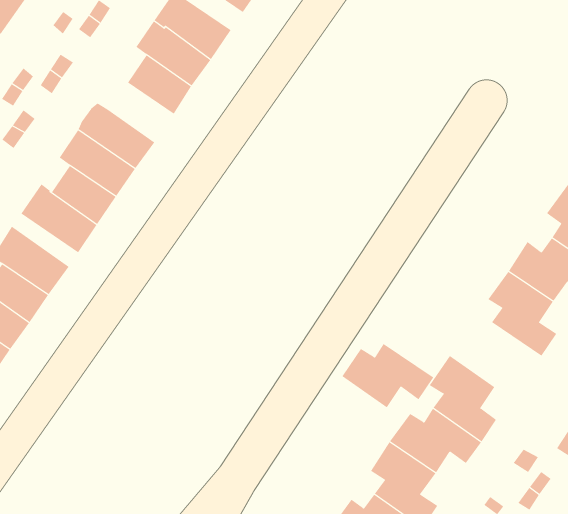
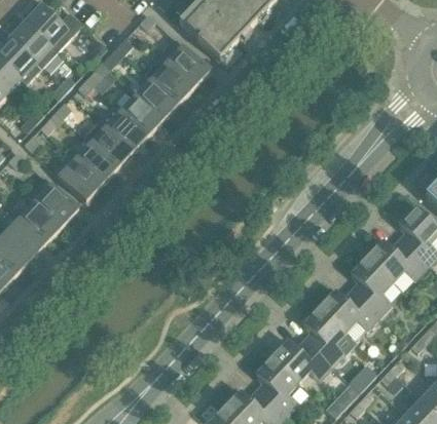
building: none -> [119,95,162,138]
building: [341,343,434,408] -> [319,290,379,333]

